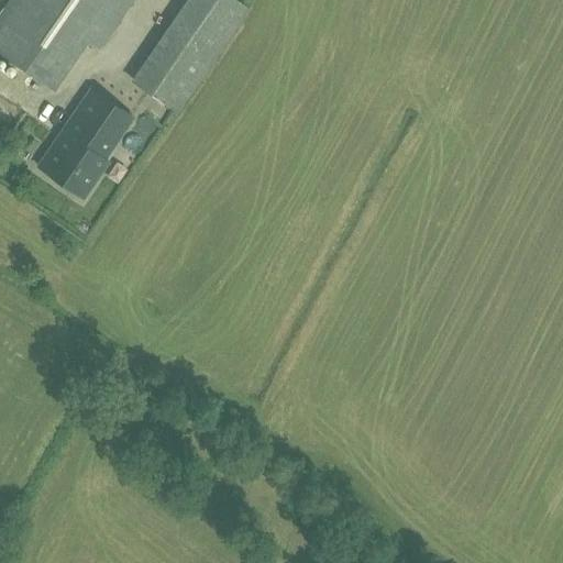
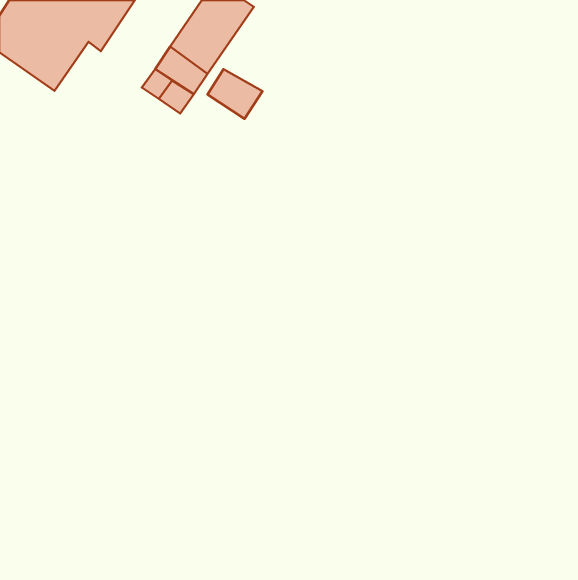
building: none -> [208,69,263,119]
building: [38,89,132,197] -> none

